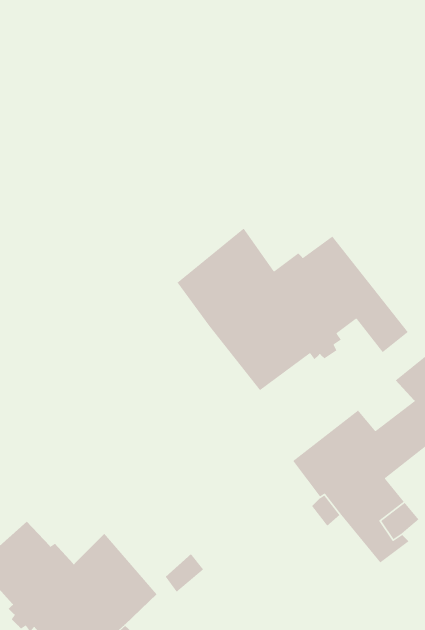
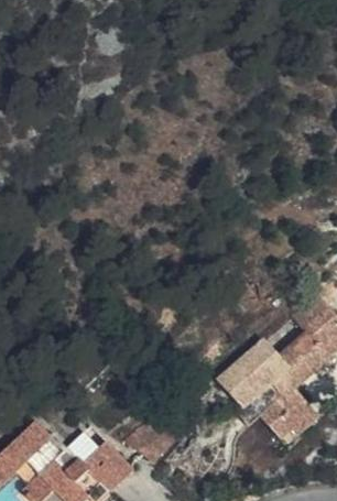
building: [177,227,409,391] -> none

